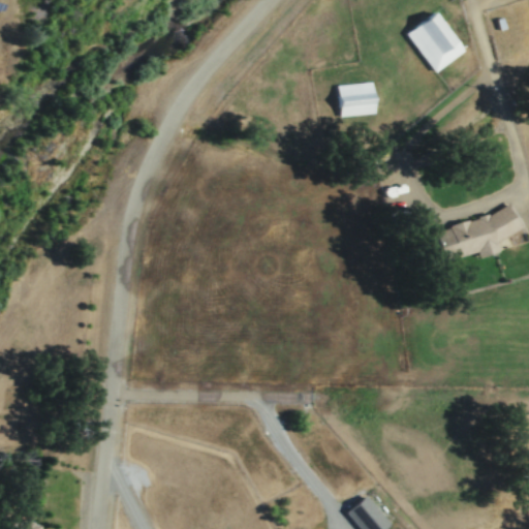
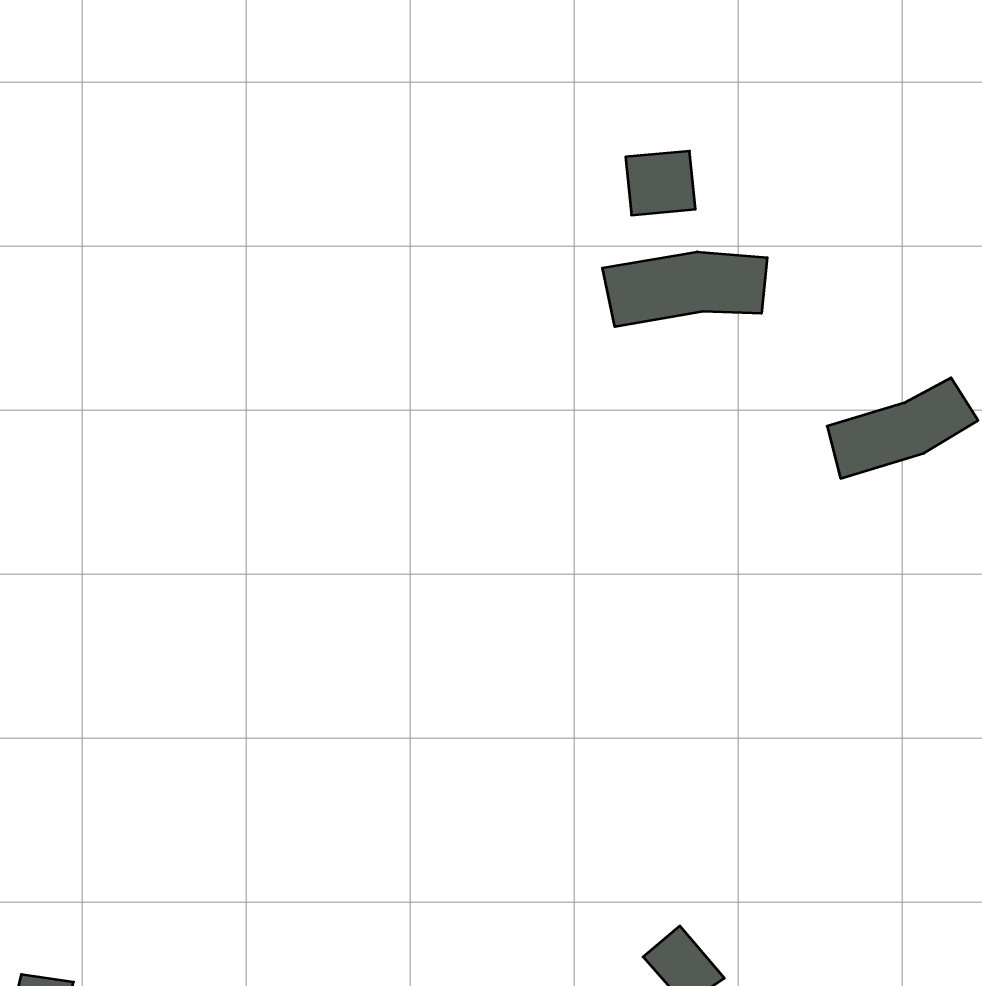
building: [408,12,466,72] -> none
building: none -> [602,252,767,327]

